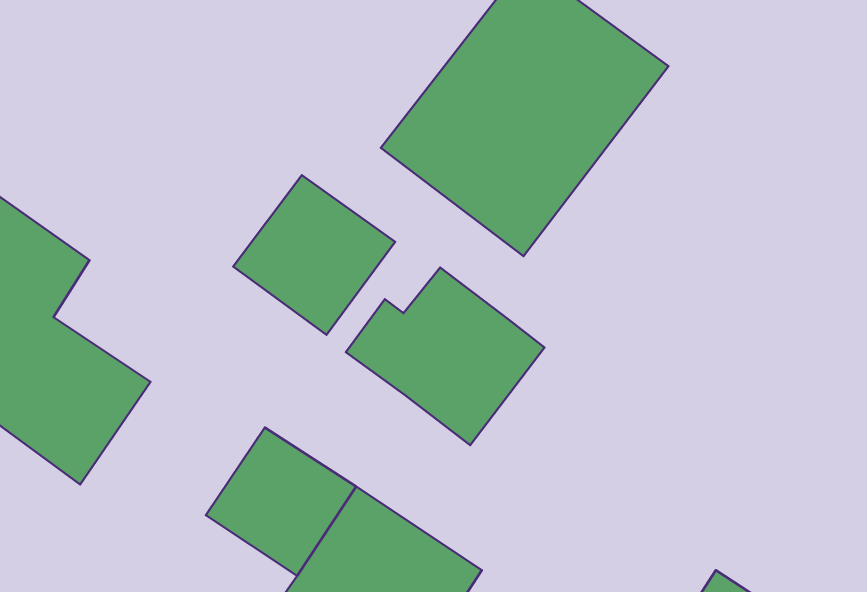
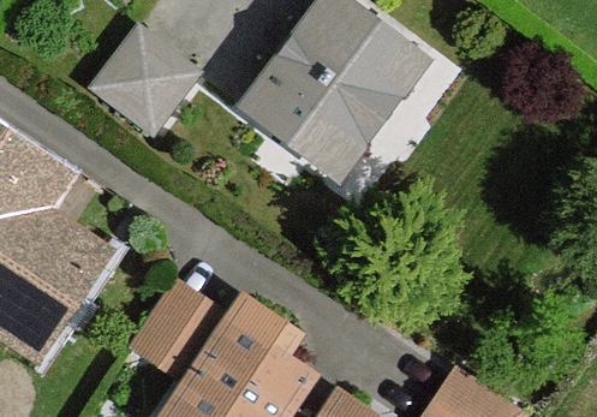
building: [233,175,395,335] -> [97,30,199,131]
building: [346,268,545,445] -> none

